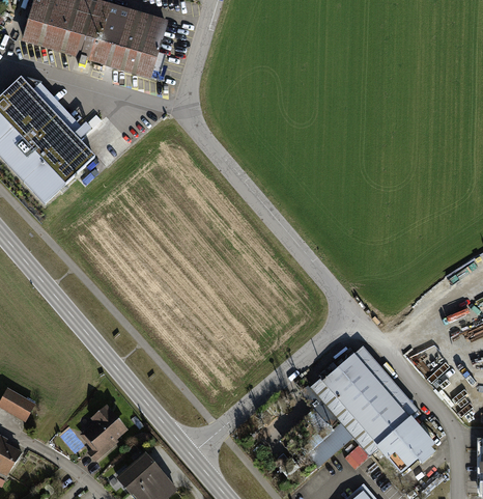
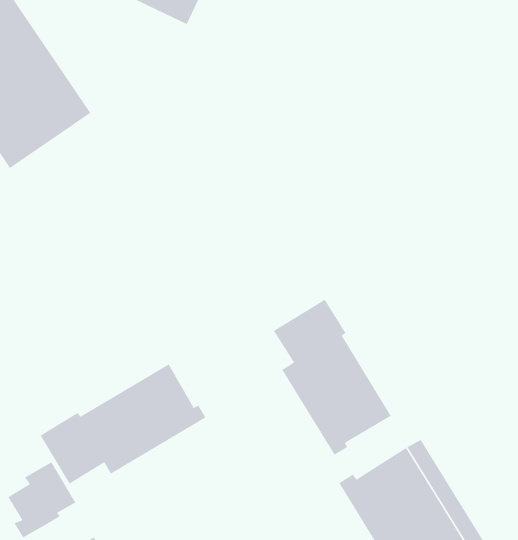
building: none -> [273,299,391,456]
building: none -> [40,363,206,484]

